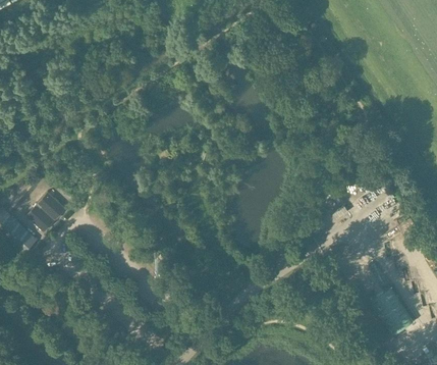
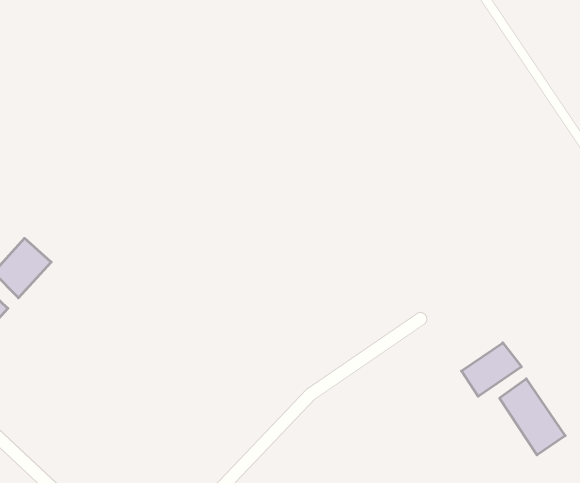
building: none -> [461,343,521,396]

